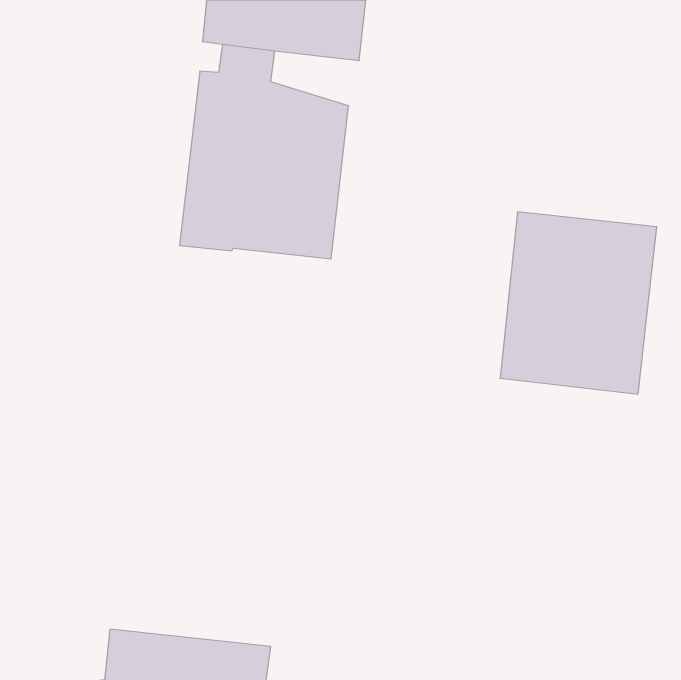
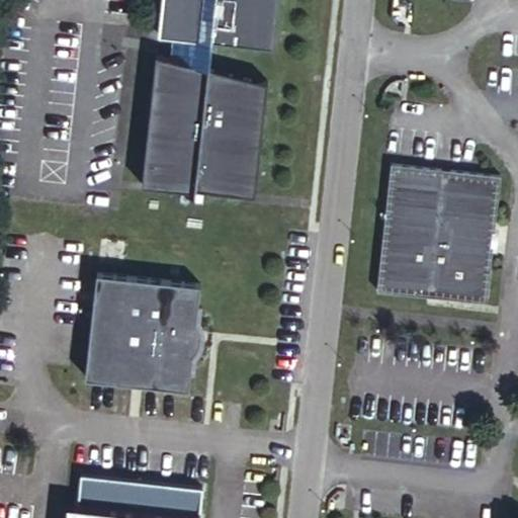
building: none -> [81,277,199,395]

